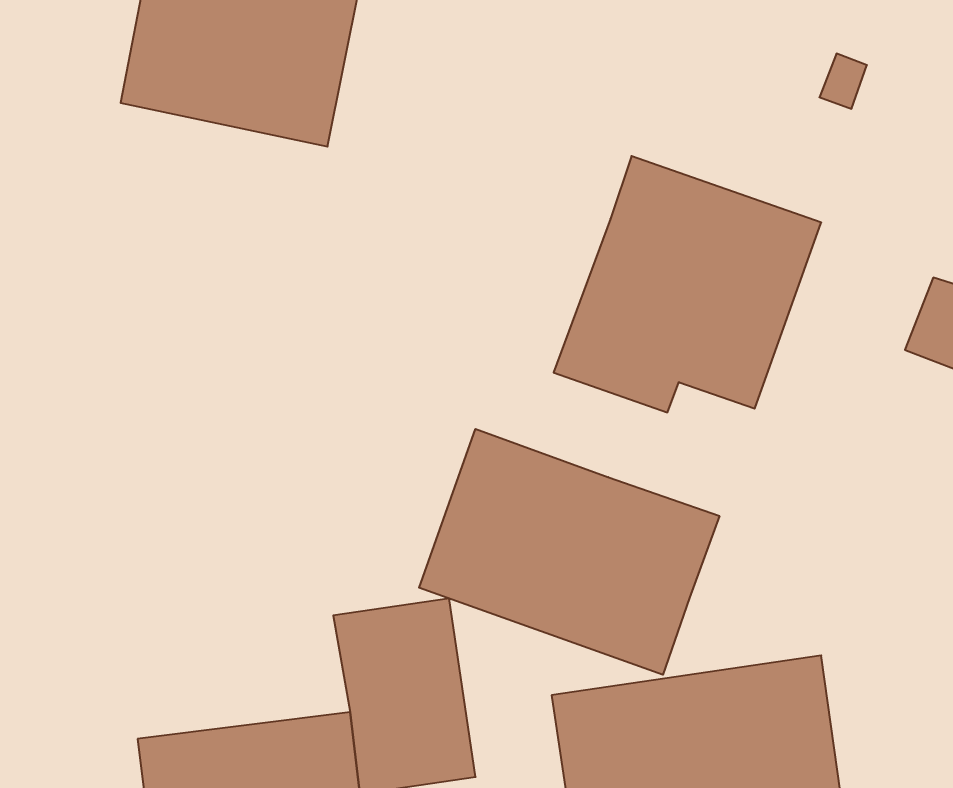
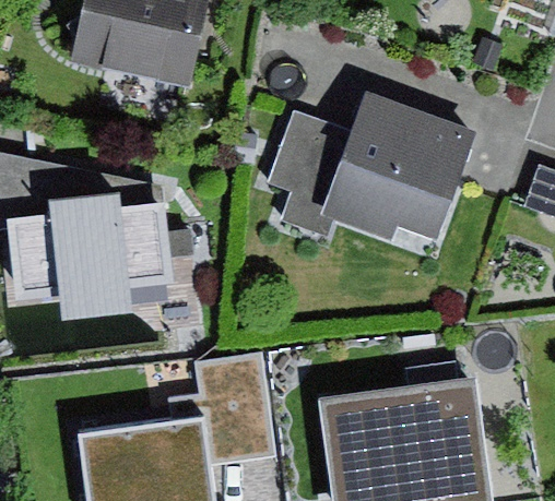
building: none -> [265,107,353,228]
building: none -> [9,195,172,300]
building: [419,429,719,675] -> none

